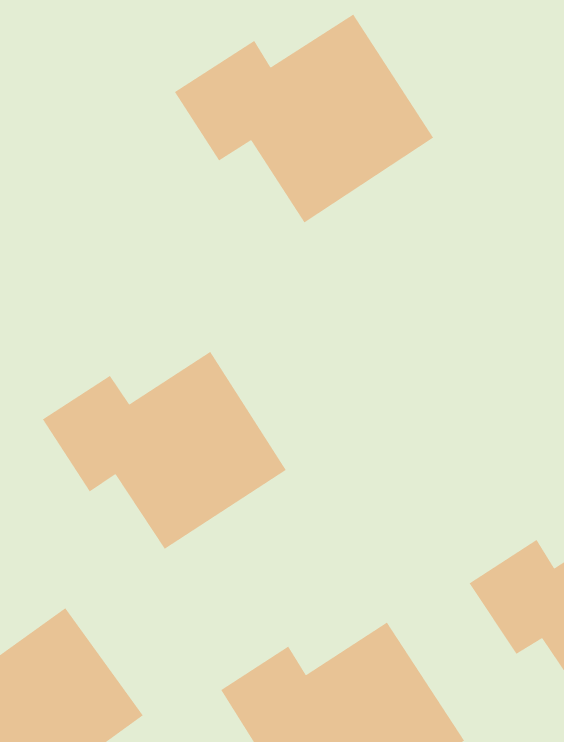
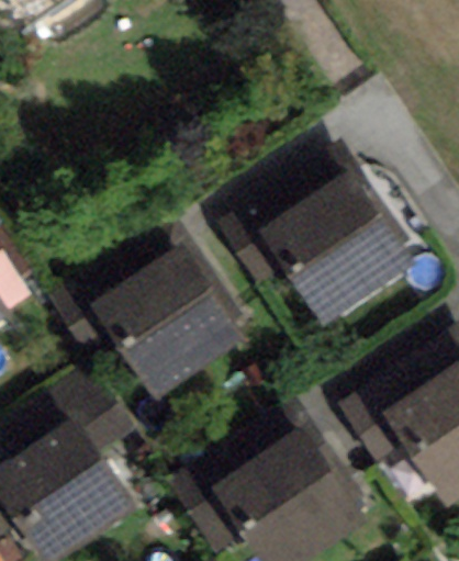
building: [174,13,434,223] -> none
building: none -> [243,179,412,316]

